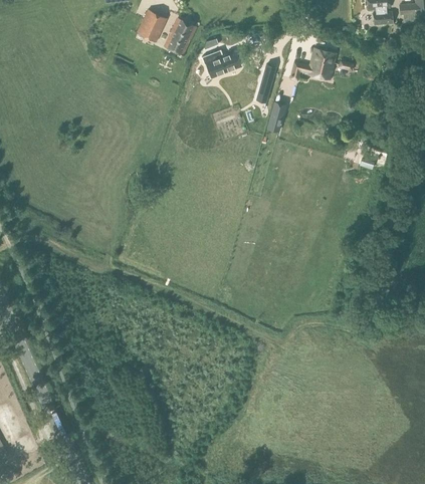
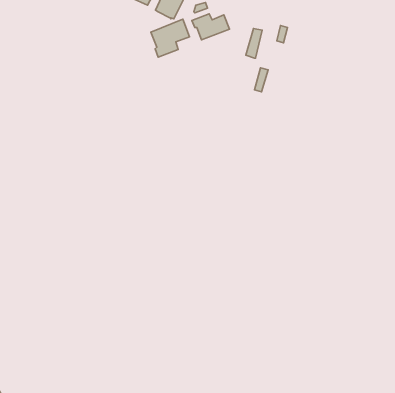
building: [306,48,336,80] -> none
building: none -> [151,19,190,57]

